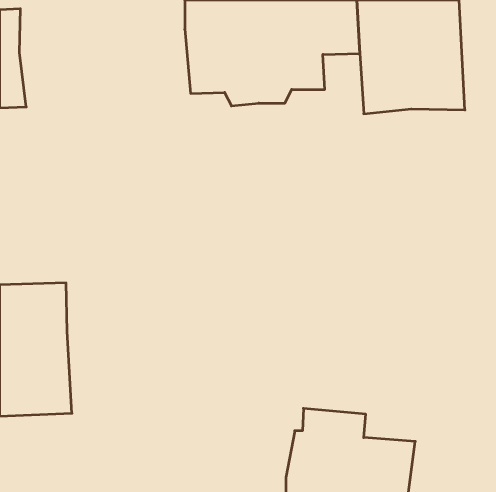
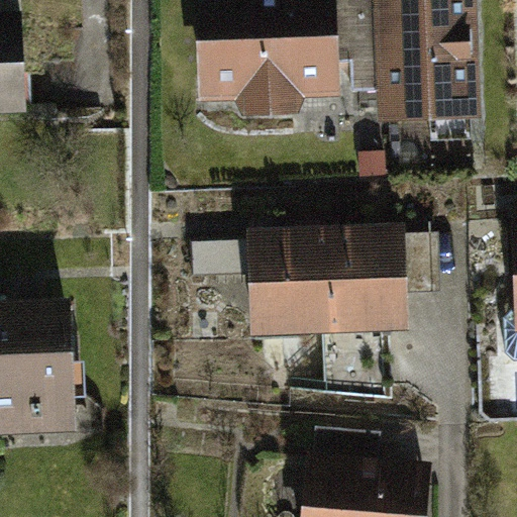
building: none -> [192,223,407,338]

